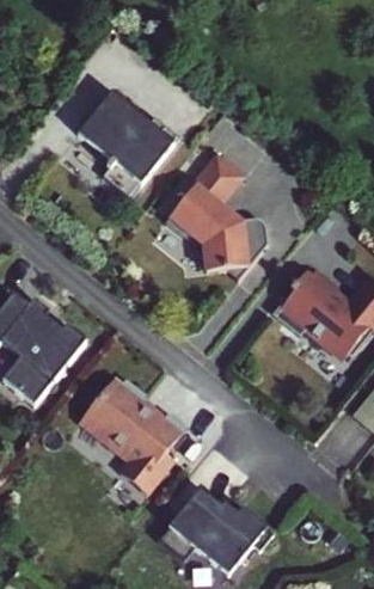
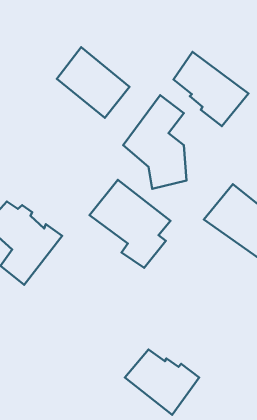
building: none -> [174,52,248,126]
building: [76,379,183,495] -> [90,180,170,268]

